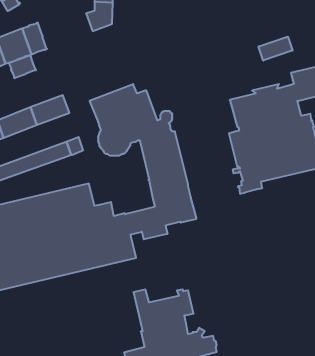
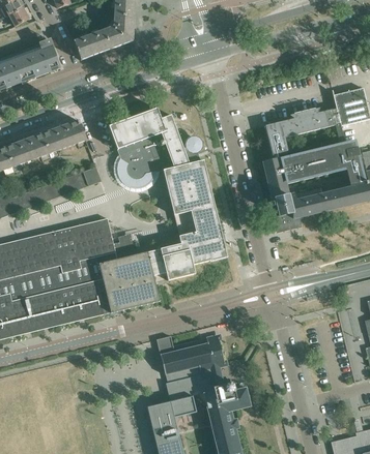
building: none -> [73,29,111,60]
building: [259,37,293,61] -> none
building: [9,55,36,78] -> none

